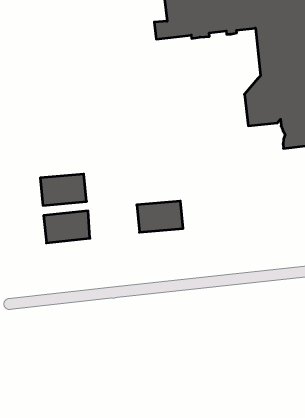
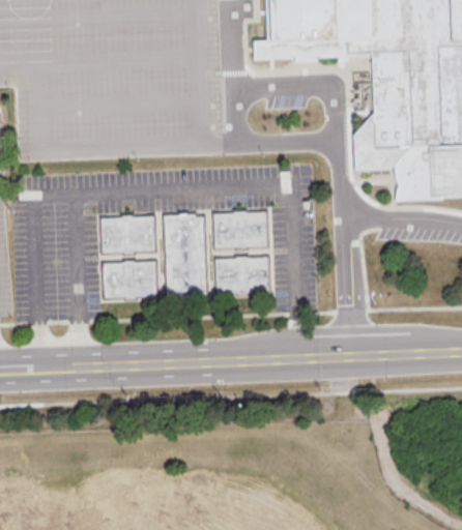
building: none -> [214,212,268,246]
building: none -> [165,213,206,295]

